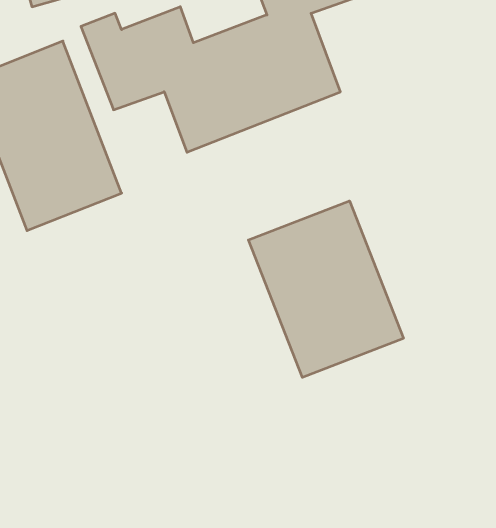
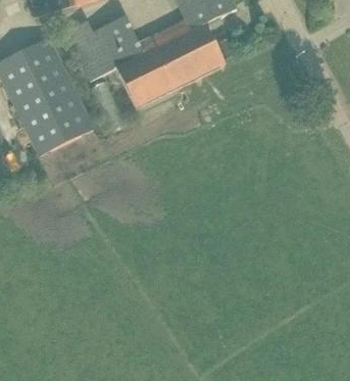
building: [248,201,403,377] -> none

